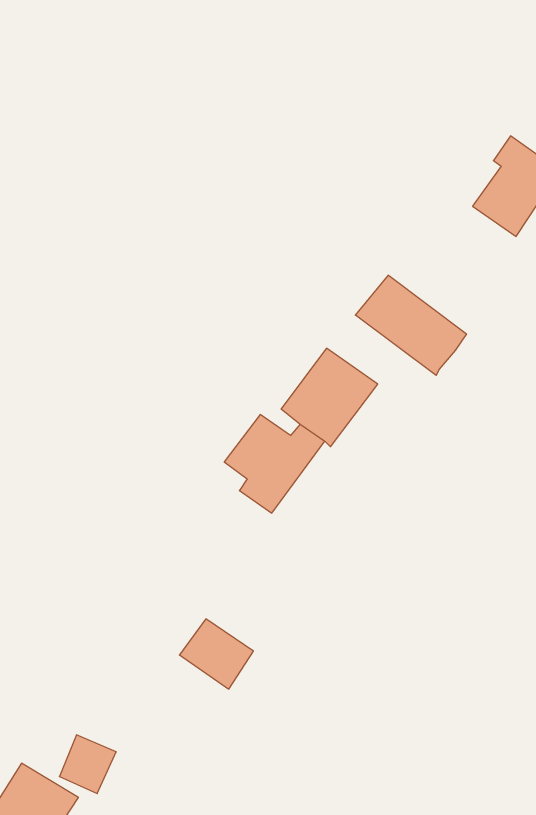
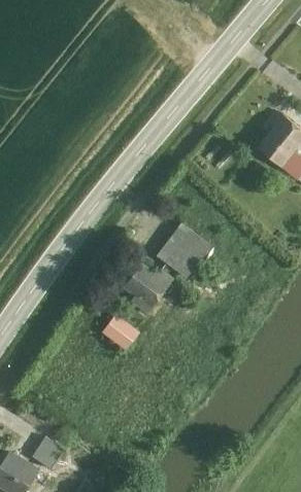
building: [355,275,466,375] -> none
building: [179,619,253,689] -> [102,312,142,350]

